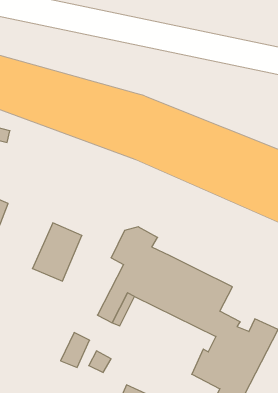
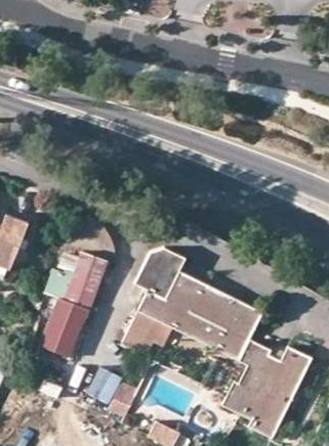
building: none -> [33,295,85,356]

